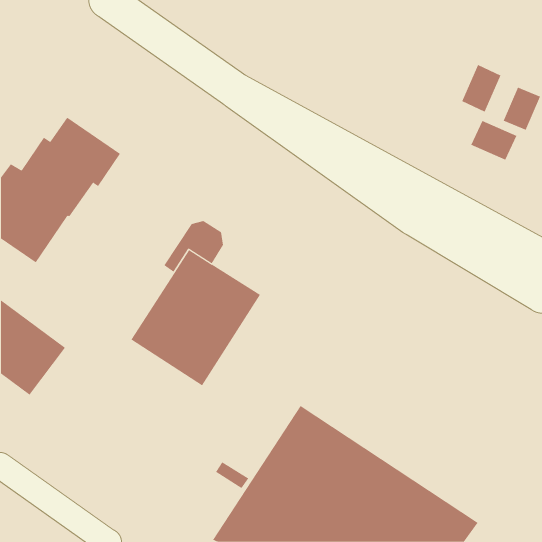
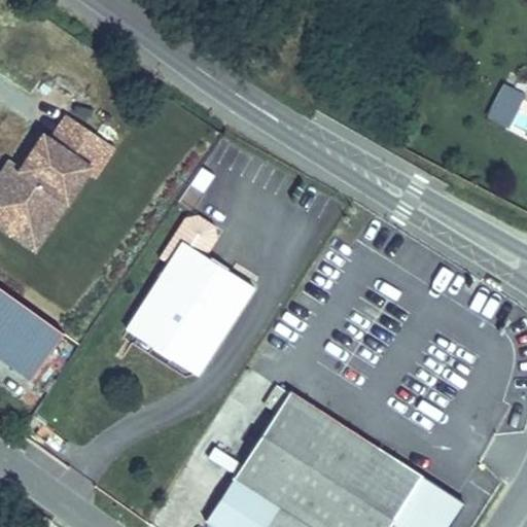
building: [462,64,501,112] -> none
building: [471,120,517,160] -> none

